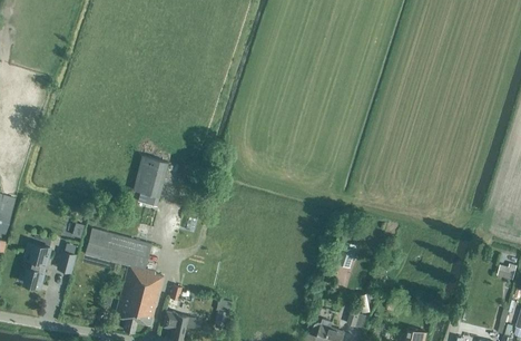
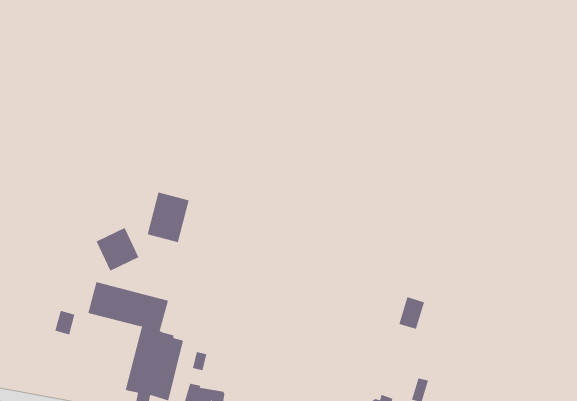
building: none -> [96,227,139,271]
building: [23,244,50,288] -> none

